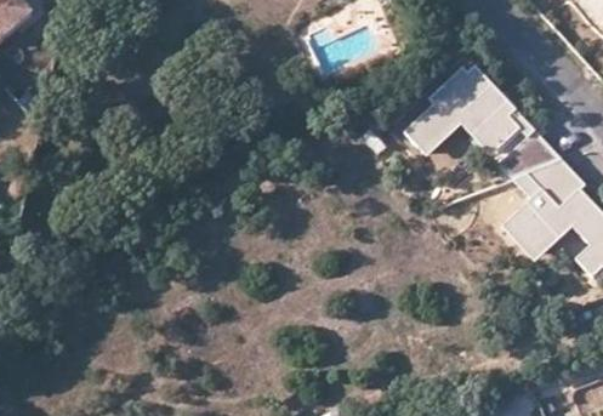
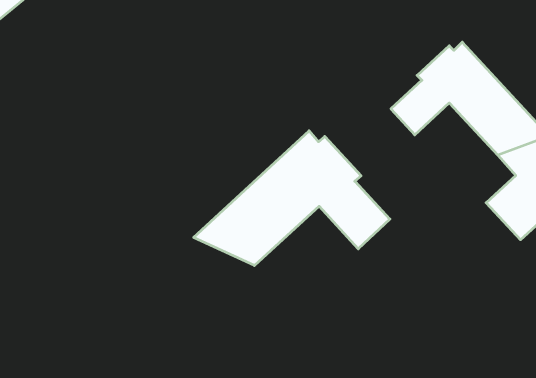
building: none -> [194,131,390,266]

